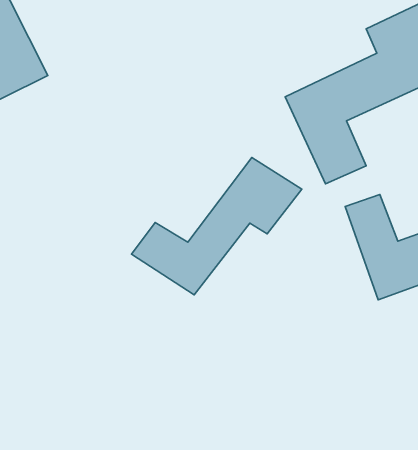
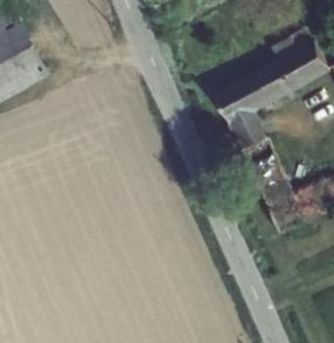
building: [132,158,302,295] -> none

